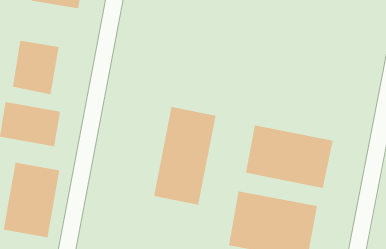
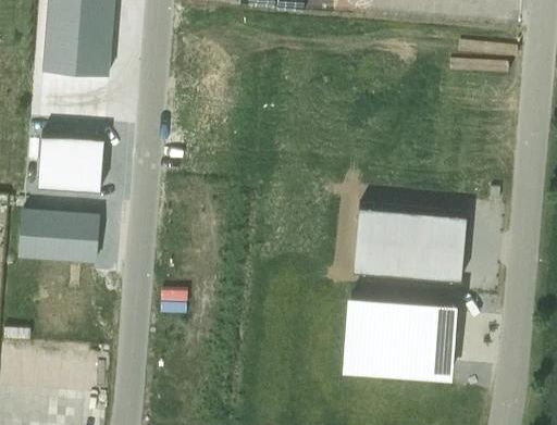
building: [154,106,216,206] -> none
building: [3,162,60,238] -> none

